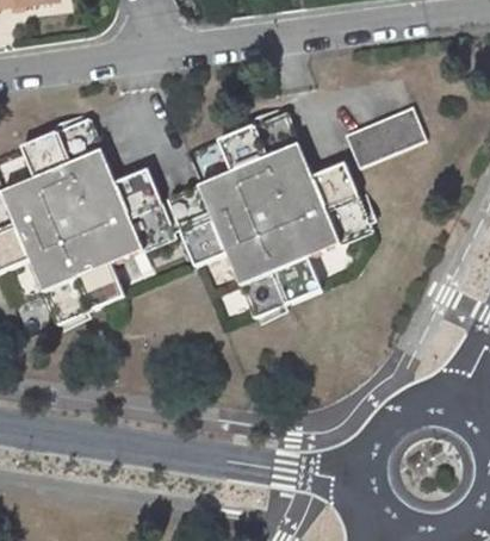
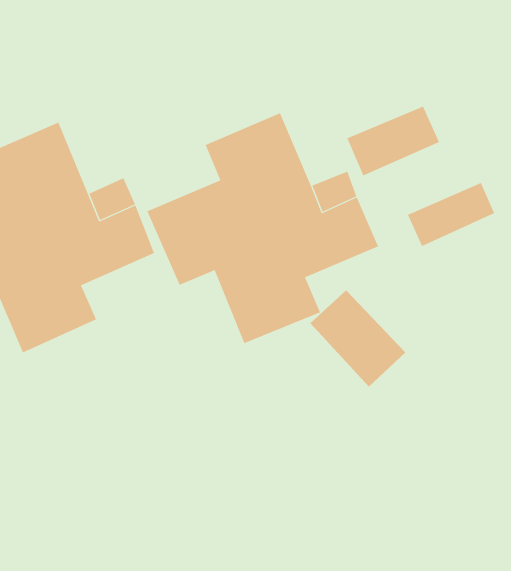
building: none -> [407,182,495,247]
building: none -> [309,289,406,388]

